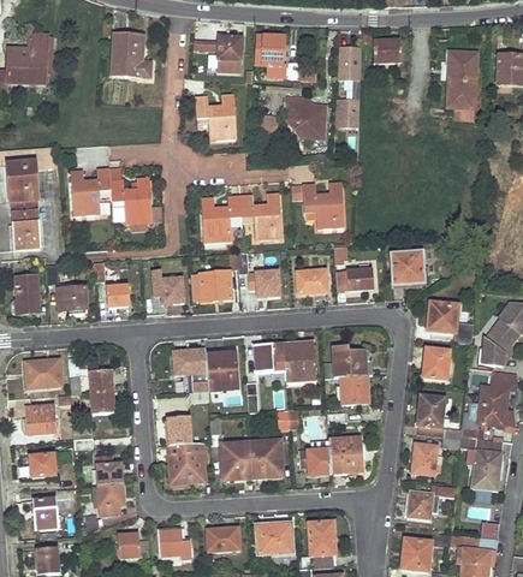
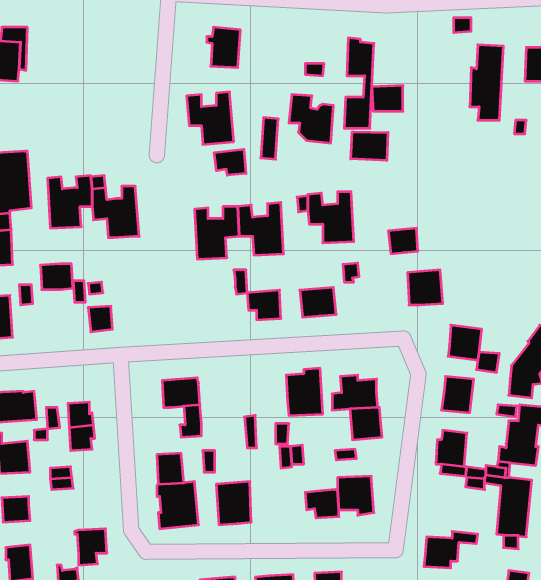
building: [112,34,150,77] -> none
building: [255,35,285,77] -> none
building: [373,40,400,63] -> [372,86,403,111]
building: none -> [351,132,388,161]
building: none -> [214,149,246,175]
building: [346,268,373,291] -> [388,228,418,254]
building: [153,270,184,303] -> none
building: [191,270,232,302] -> none
building: [58,287,87,310] -> [40,264,73,290]
building: [254,343,285,371] -> none
building: [206,351,237,389] -> none
building: [251,440,283,477] -> none
building: [412,444,438,475] -> none
building: [96,456,123,484] -> none

